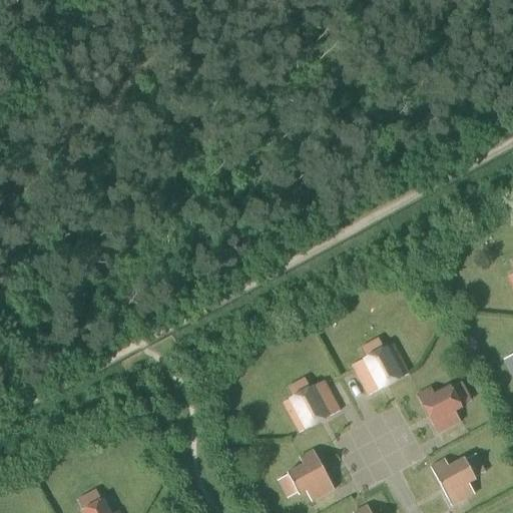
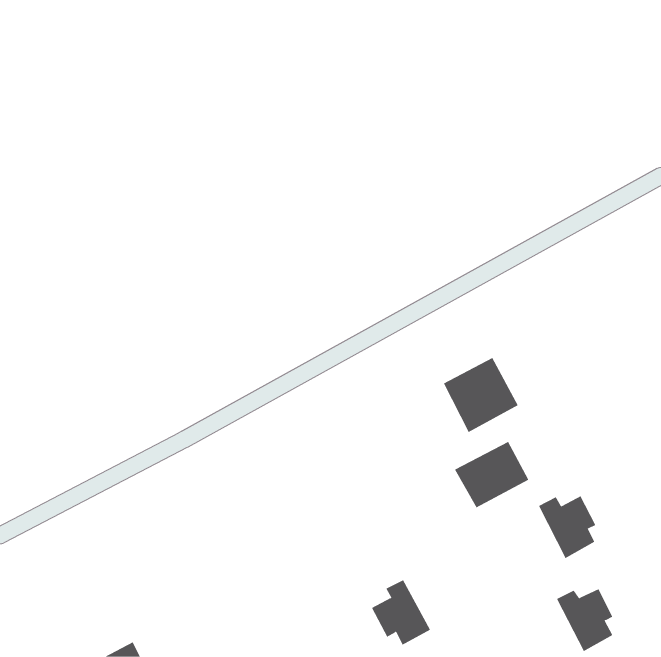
building: none -> [443,357,518,433]
building: [284,380,341,431] -> none

